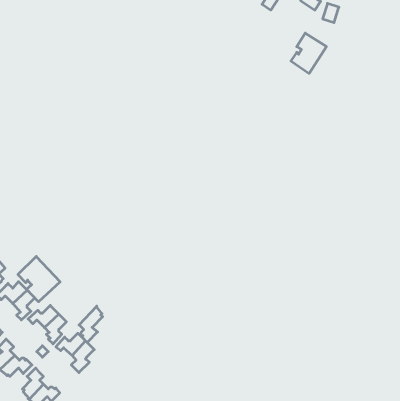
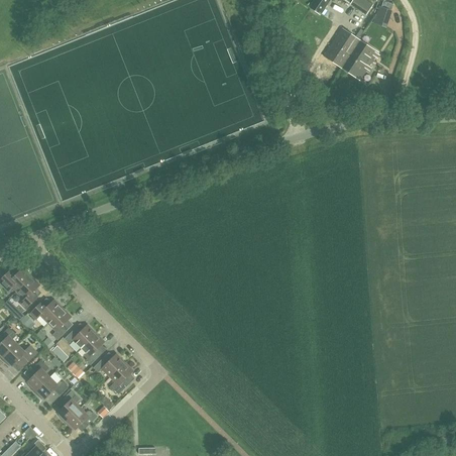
building: none -> [323,28,355,67]
building: [18,256,60,302] -> none
building: [79,306,103,343] -> none

